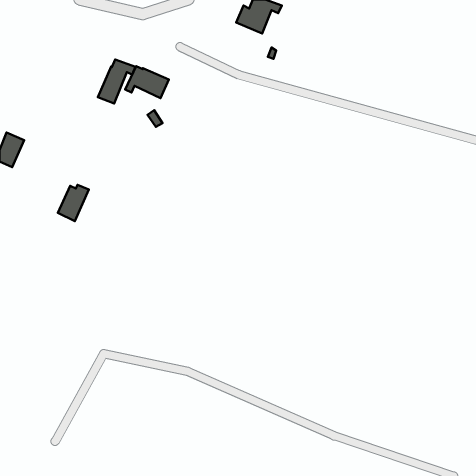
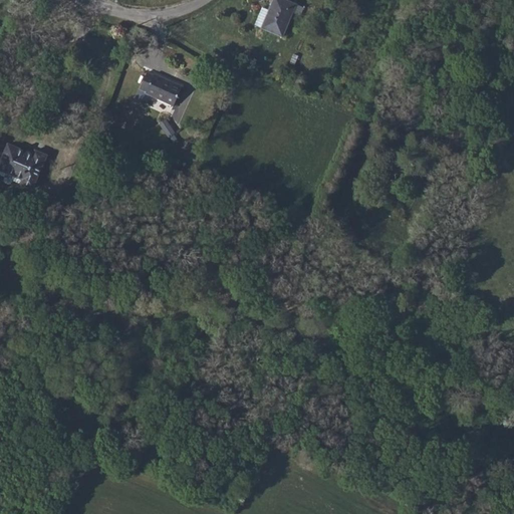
building: [98,59,136,104] -> none
building: [58,185,89,221] -> [13,150,46,189]

